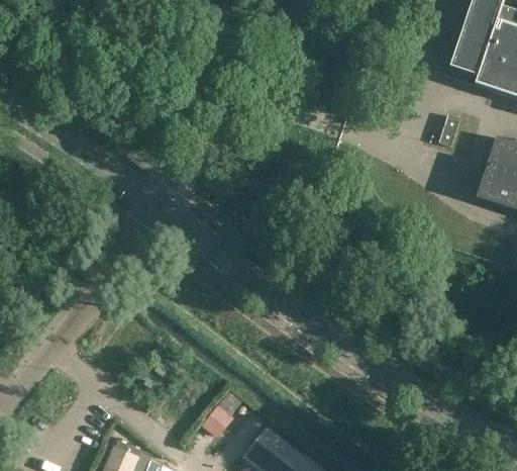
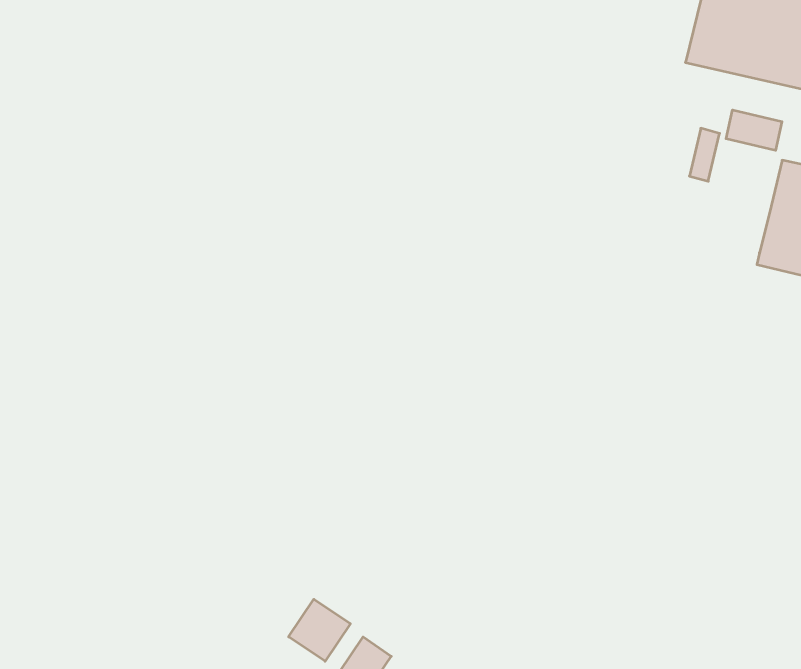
building: none -> [726,110,782,150]
building: none -> [289,599,350,661]

